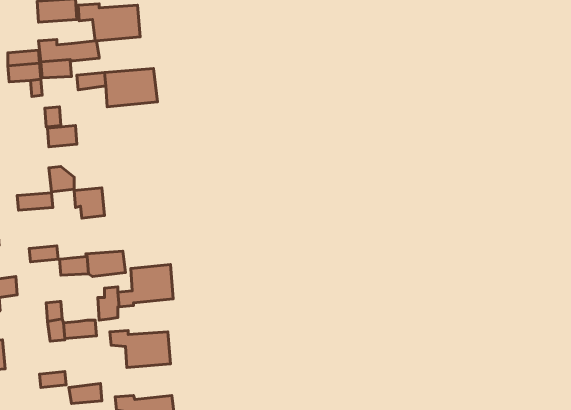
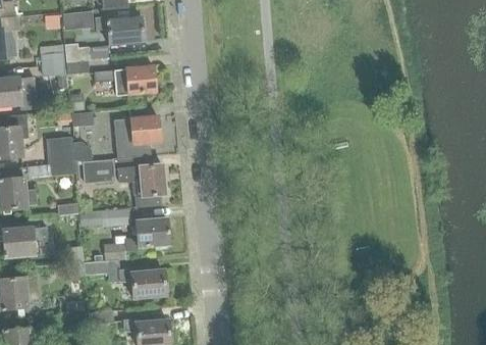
building: none -> [114,114,160,158]
building: none -> [46,137,74,164]
building: none -> [117,164,167,207]

